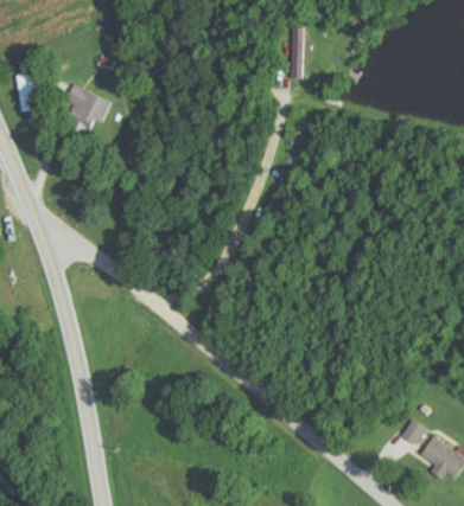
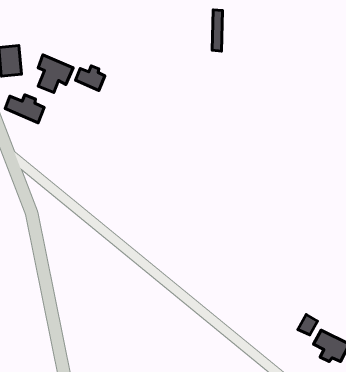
building: none -> [75,66,105,91]
building: none -> [5,95,44,123]

